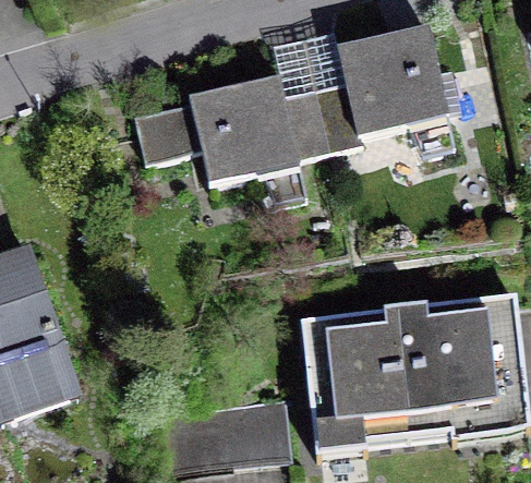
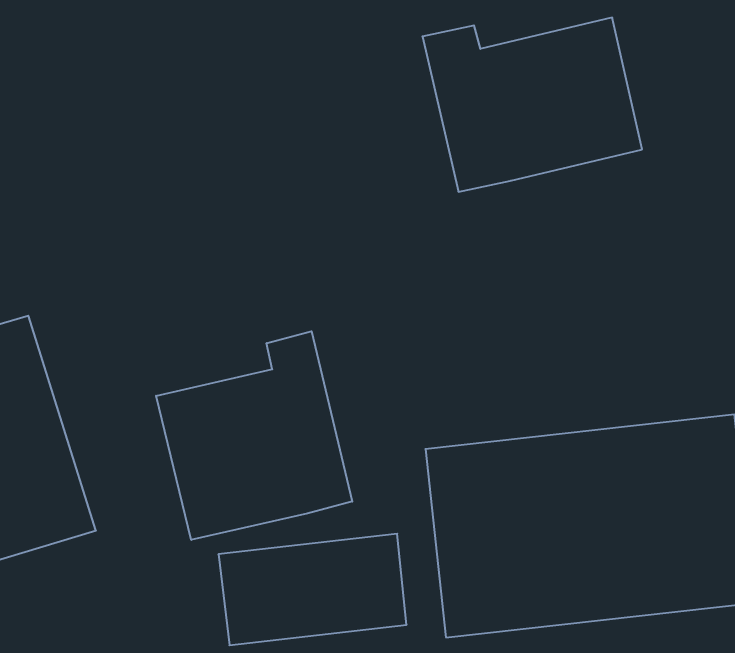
building: [135,41,328,191] -> none
building: none -> [156,331,352,540]

